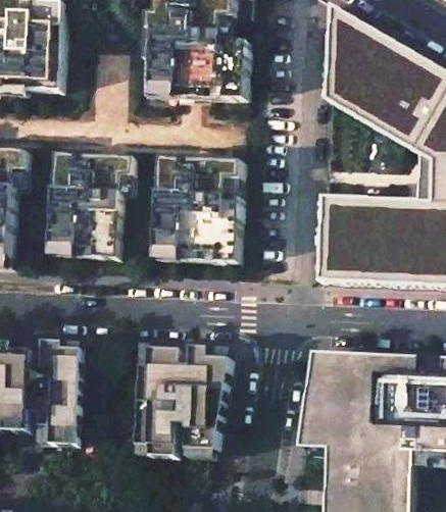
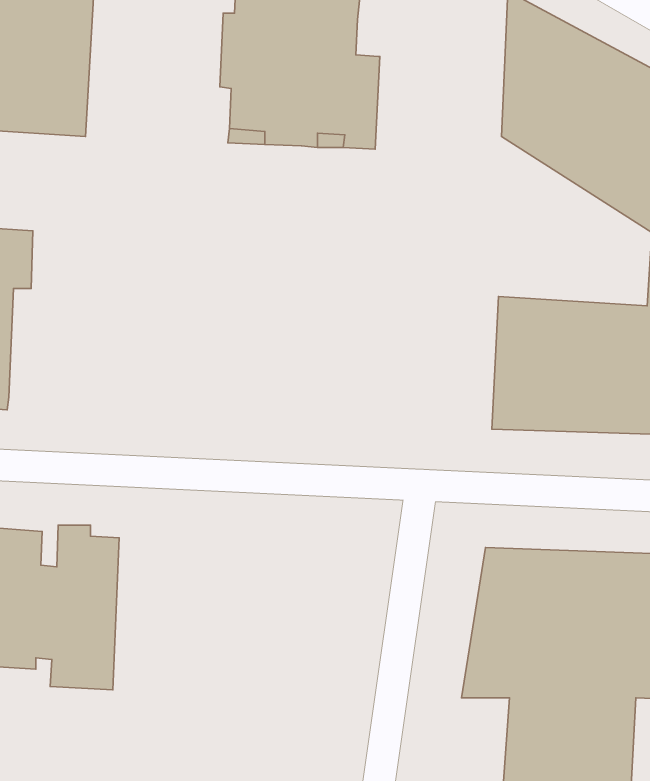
building: [48,153,132,257] -> none
building: [154,158,242,263] -> none
building: [137,346,231,456] -> none

